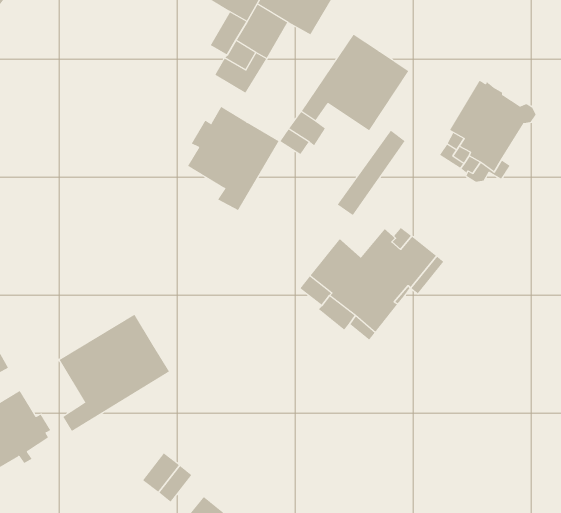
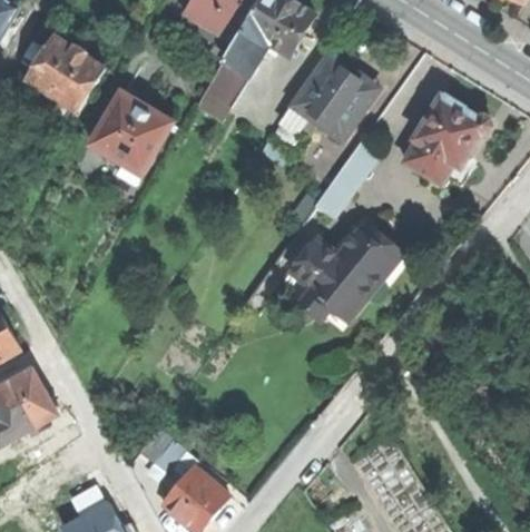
building: none -> [26,36,104,119]
building: [187,106,280,211] -> [90,90,173,184]
building: [59,314,170,432] -> none

